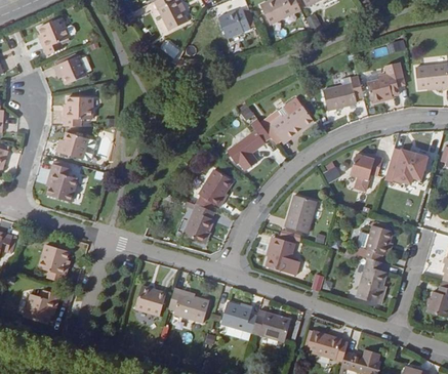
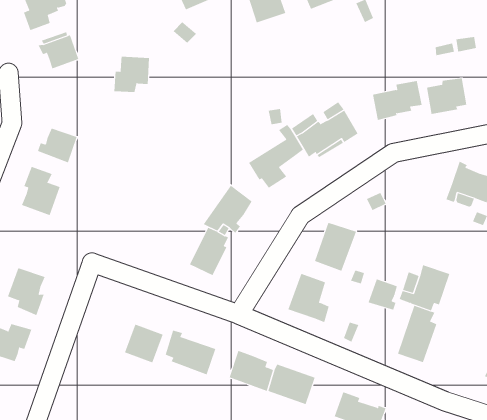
building: [63,96,90,125] -> [114,56,150,93]
building: [350,154,382,191] -> none
building: none -> [368,278,397,311]

